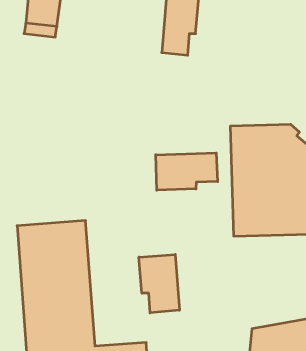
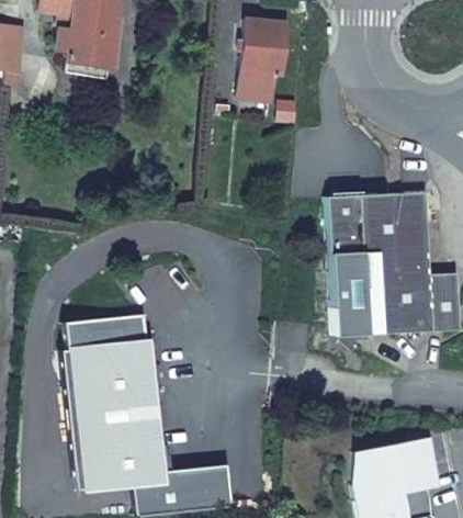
building: [156,153,218,190] -> none
building: [139,254,179,313] -> none

